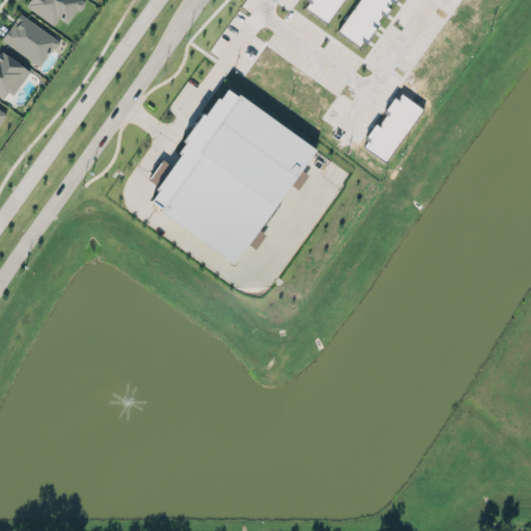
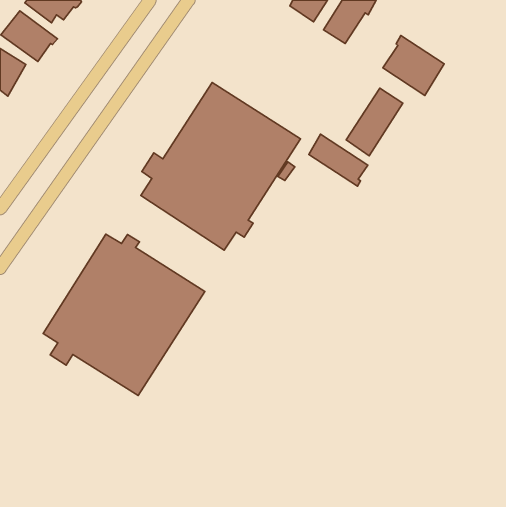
building: none -> [383,36,444,96]
building: none -> [309,134,368,186]
building: none -> [43,234,205,396]

